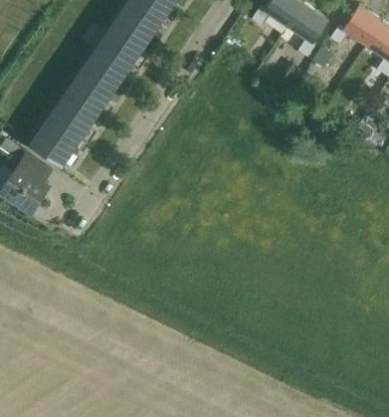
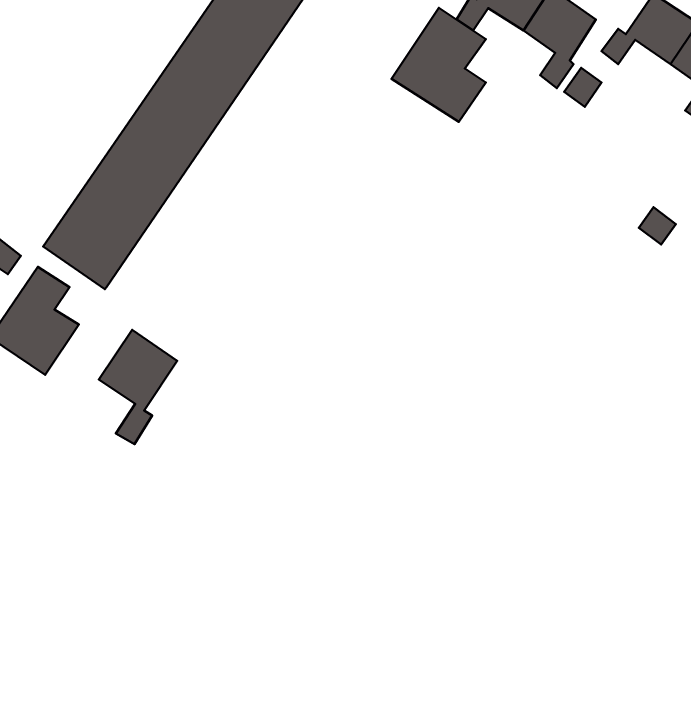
building: none -> [392,8,486,122]
building: none -> [99,330,177,444]

